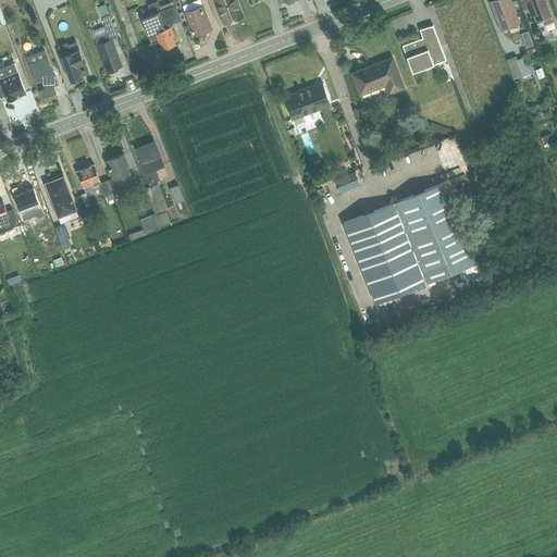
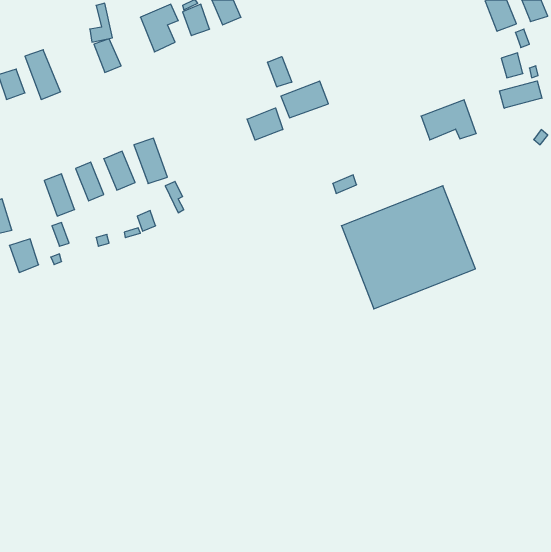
building: [401,24,445,71] -> none
building: [60,48,84,82] -> none
building: [349,54,405,95] -> [421,100,476,140]
building: none -> [268,57,292,87]
building: none -> [500,81,542,108]
building: none -> [247,108,283,140]
building: [13,187,42,221] -> [9,239,39,272]

